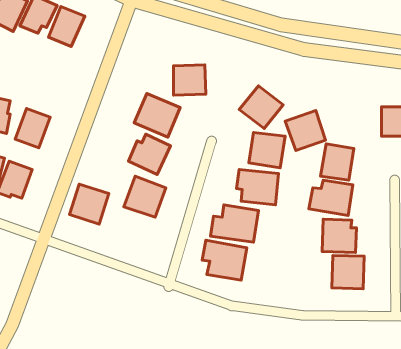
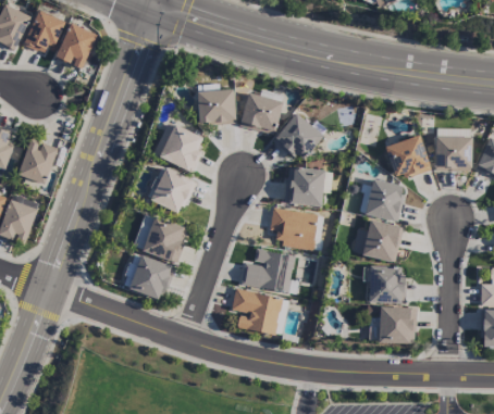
building: none -> [239,91,283,134]
building: [285,111,325,151] -> [384,134,430,179]
building: [70,184,109,224] -> [129,254,174,300]

